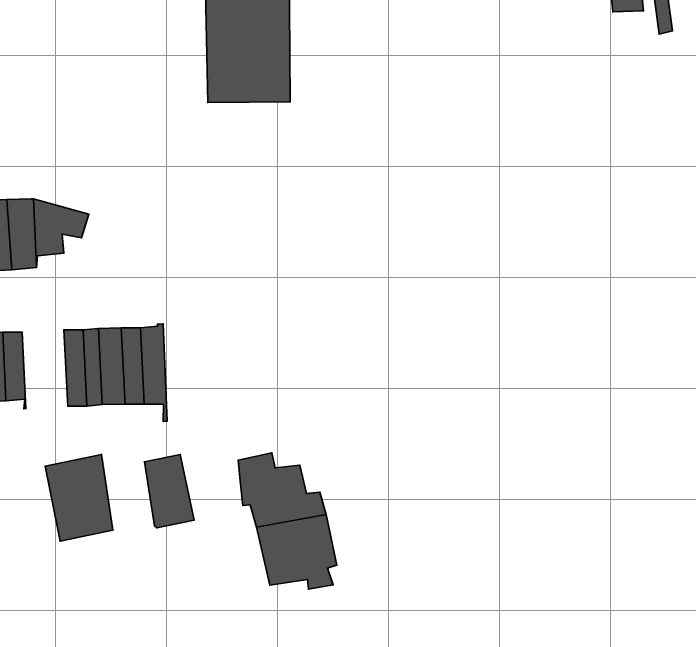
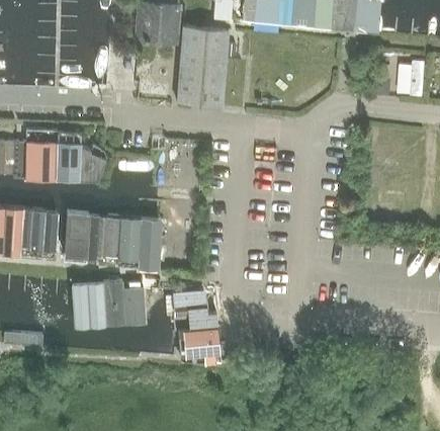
building: none -> [138,217,162,268]
building: none -> [64,213,88,255]
building: none -> [102,280,125,324]

